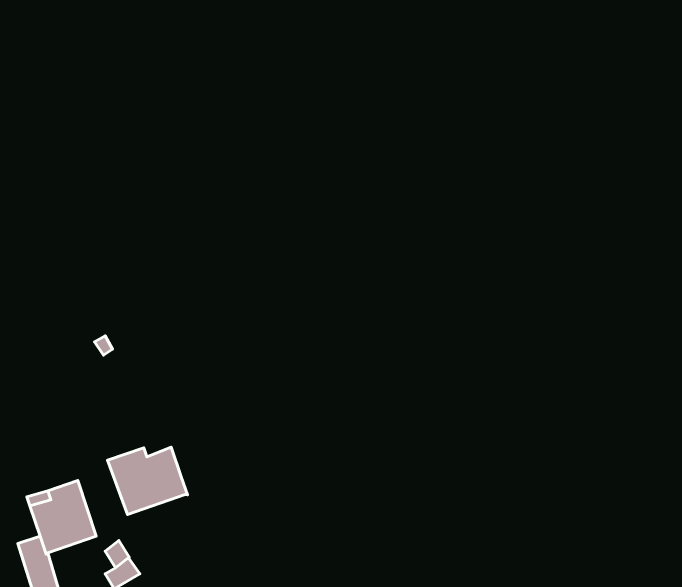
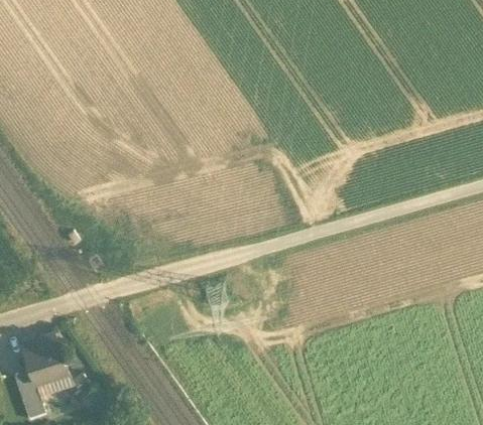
building: [107,447,188,514] -> none

